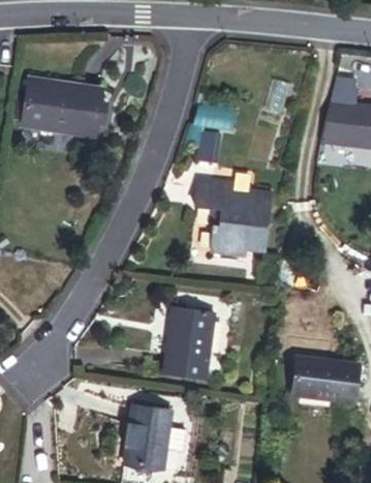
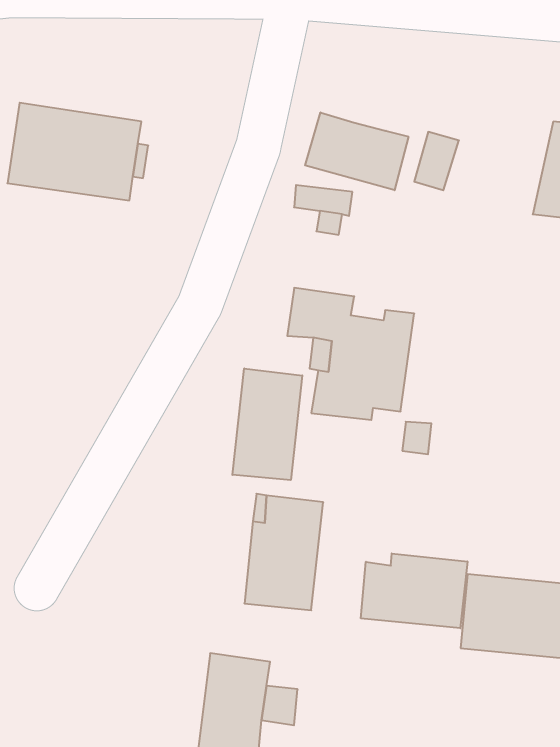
building: none -> [305,112,408,190]
building: none -> [232,368,302,480]
building: none -> [361,553,467,628]

